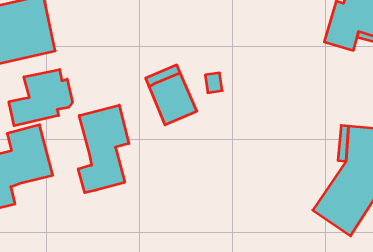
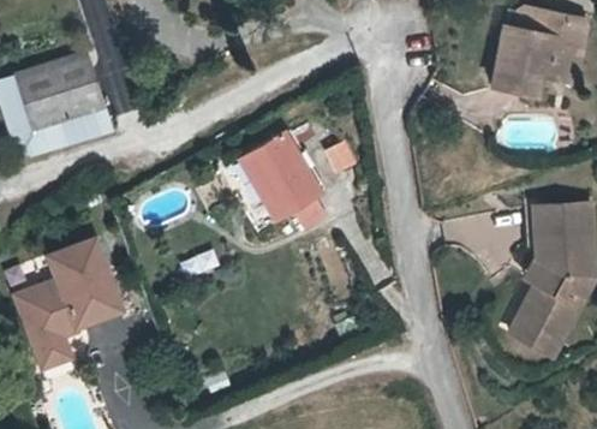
building: [9,69,72,126] -> none
building: [78,105,129,193] -> none

